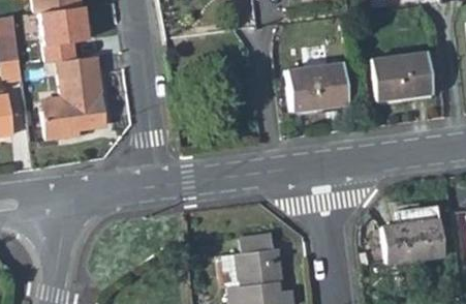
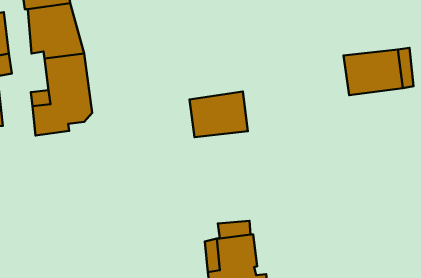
building: [288,65,349,113] -> [189,92,248,137]
building: [382,207,442,263] -> none

